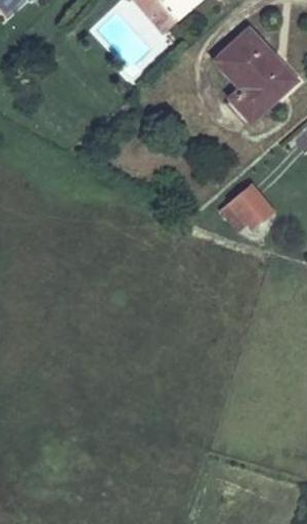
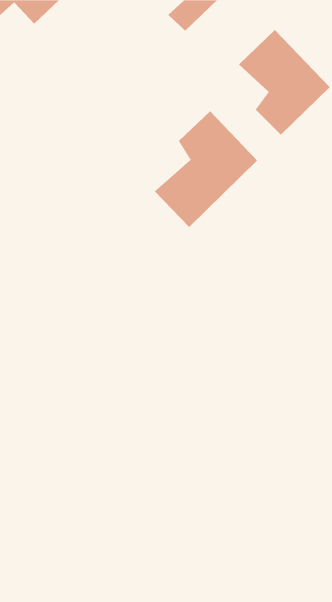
building: none -> [154,111,258,228]
building: [221,185,273,231] -> none

